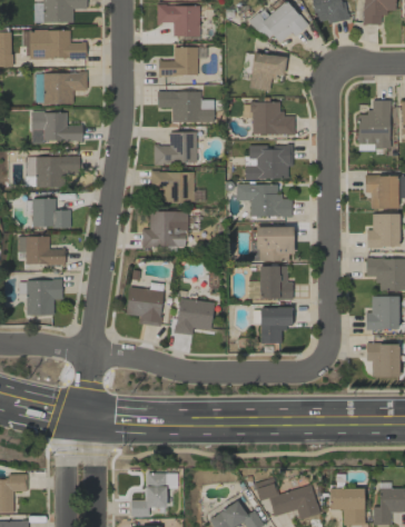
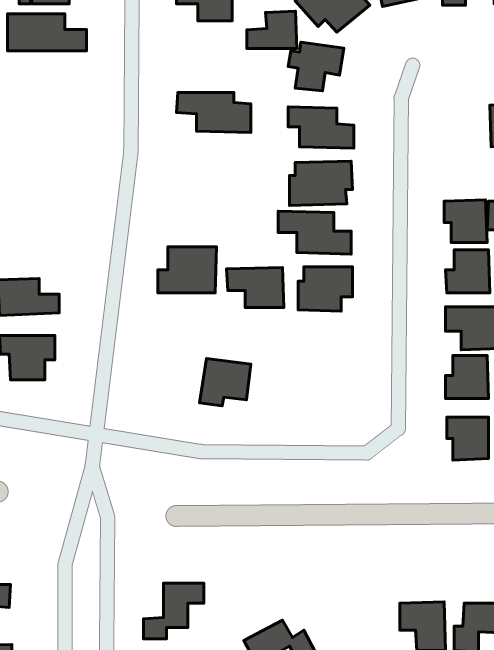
building: [159,47,198,76] -> [247,11,297,48]
building: [43,72,87,105] -> none
building: [357,99,395,150] -> none
building: [31,111,82,141] -> none
building: [154,131,196,163] -> none
building: [36,156,80,188] -> none
building: [150,171,195,202] -> [227,267,284,308]
building: [27,198,71,227] -> none
building: [260,266,294,299] -> none
building: [126,287,165,326] -> none
building: [260,307,294,344] -> none
building: [256,477,320,519] -> none

